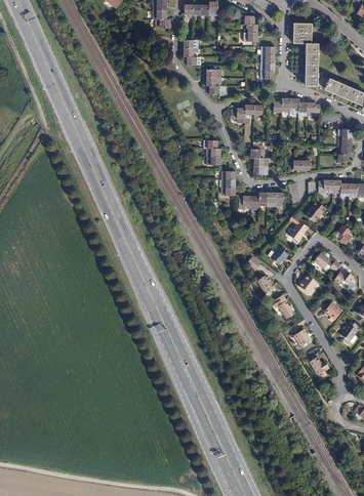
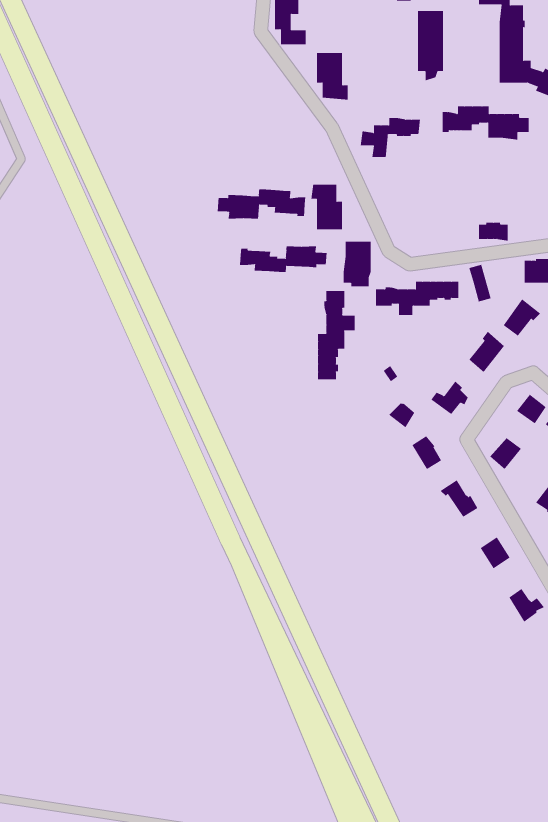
building: none -> [217,189,306,220]
building: [250,143,269,174] -> none
building: none -> [239,245,327,273]
building: none -> [318,290,355,380]

